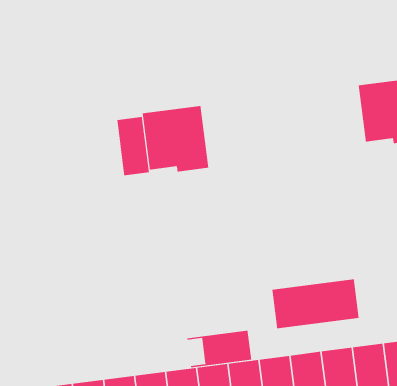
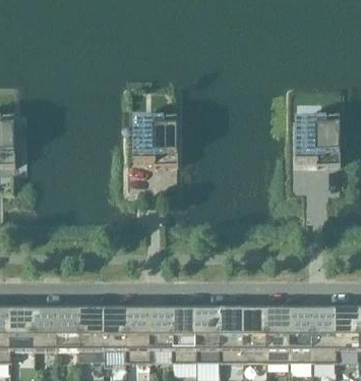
building: [117,116,149,176] -> none
building: [272,278,359,329] -> none
building: [187,330,252,368] -> none

